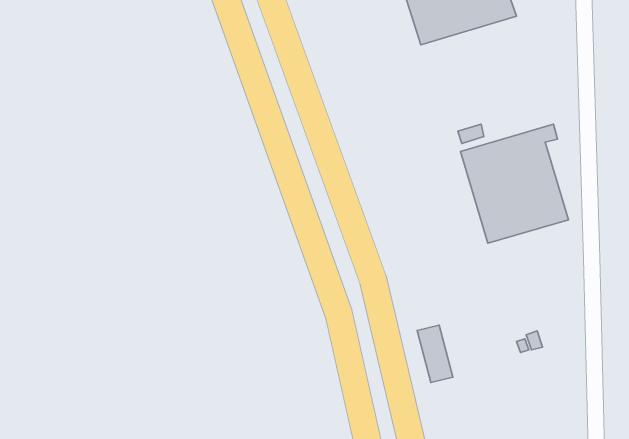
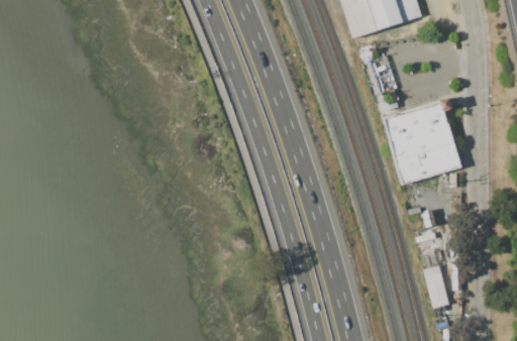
building: [417,325,453,383] -> [423,265,449,308]

